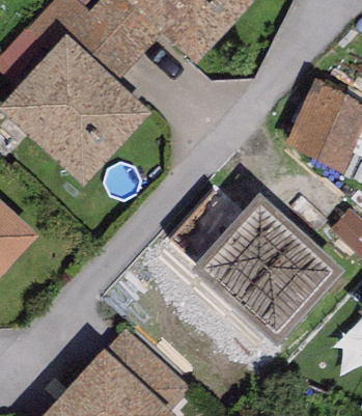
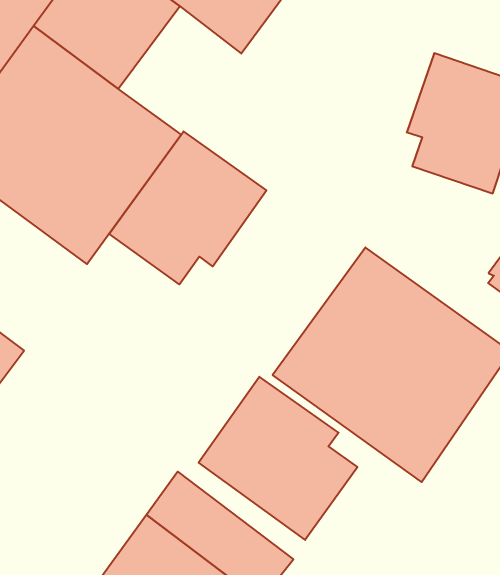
building: none -> [109,131,266,284]
building: none -> [199,377,357,540]

